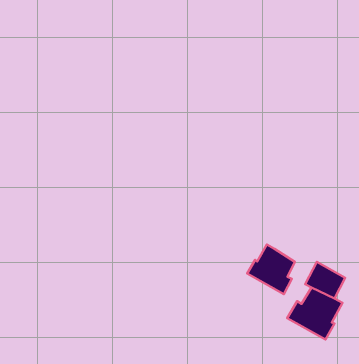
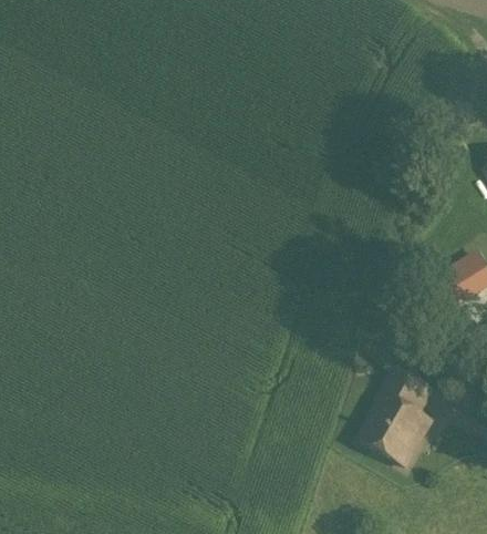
building: [247,244,295,294] -> none

